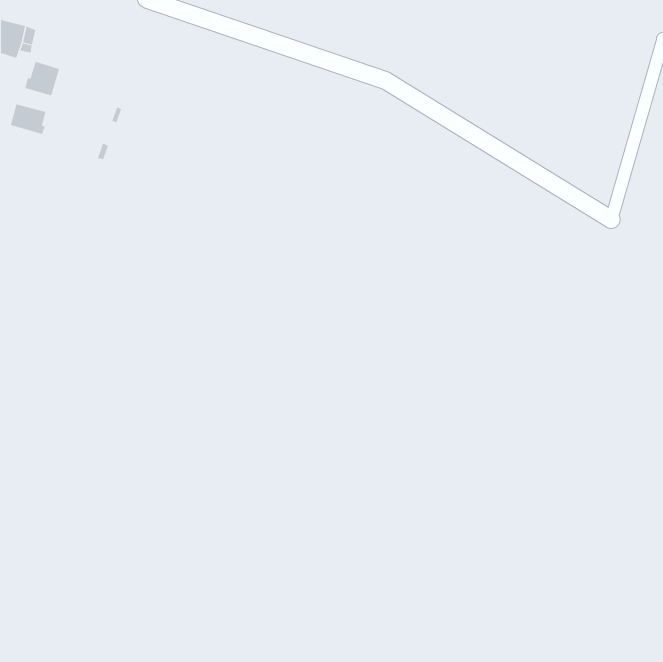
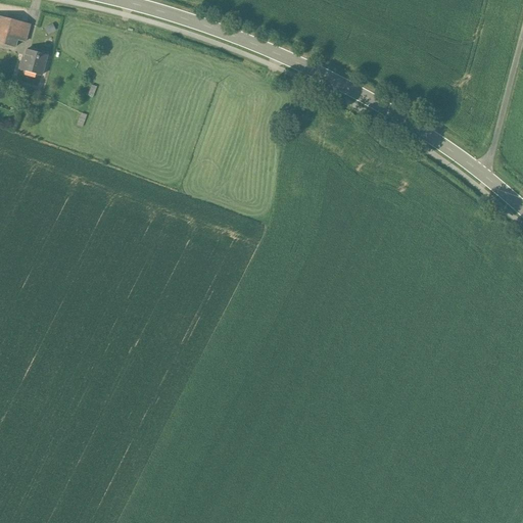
building: [10,103,46,135] -> none

